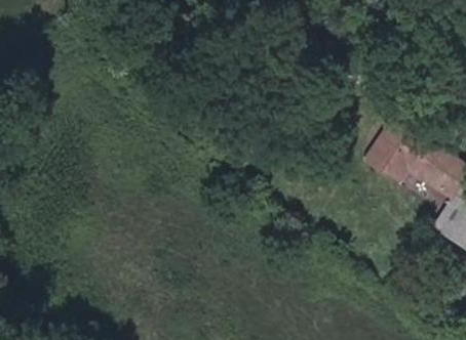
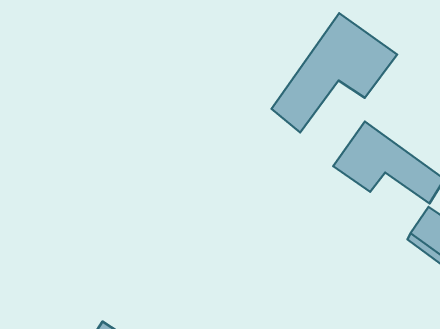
building: none -> [272,13,397,133]

